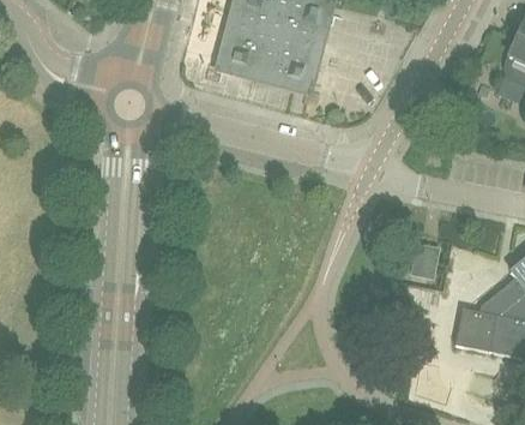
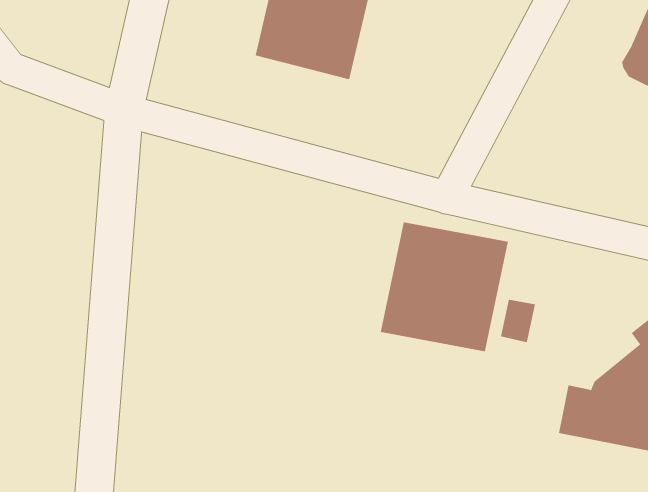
building: none -> [380,222,508,352]

